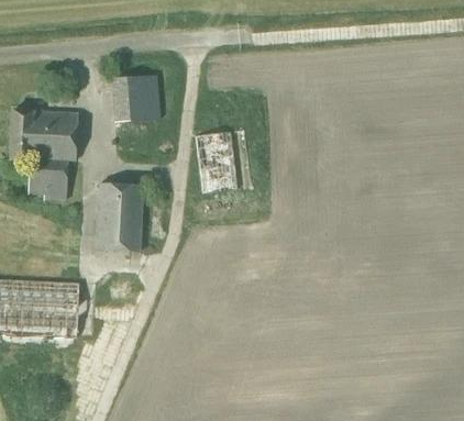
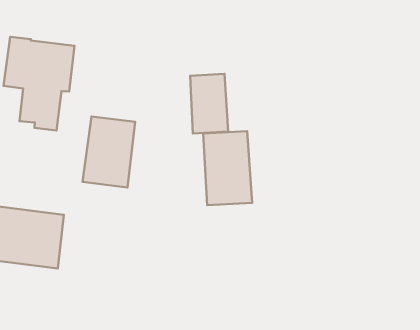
building: [112,75,159,121] -> none
building: none -> [203,131,252,205]

